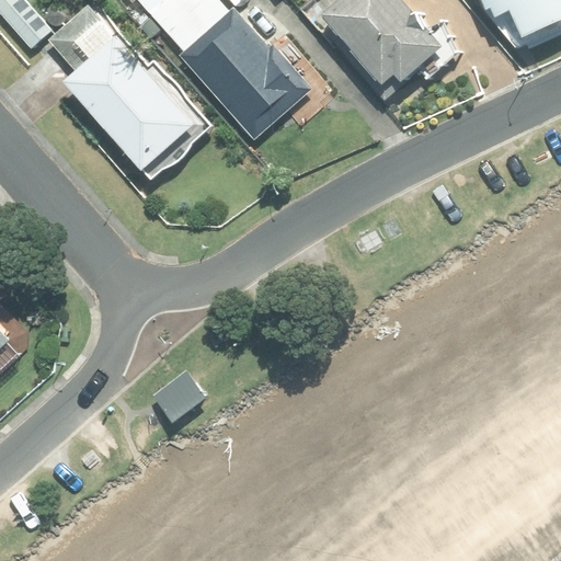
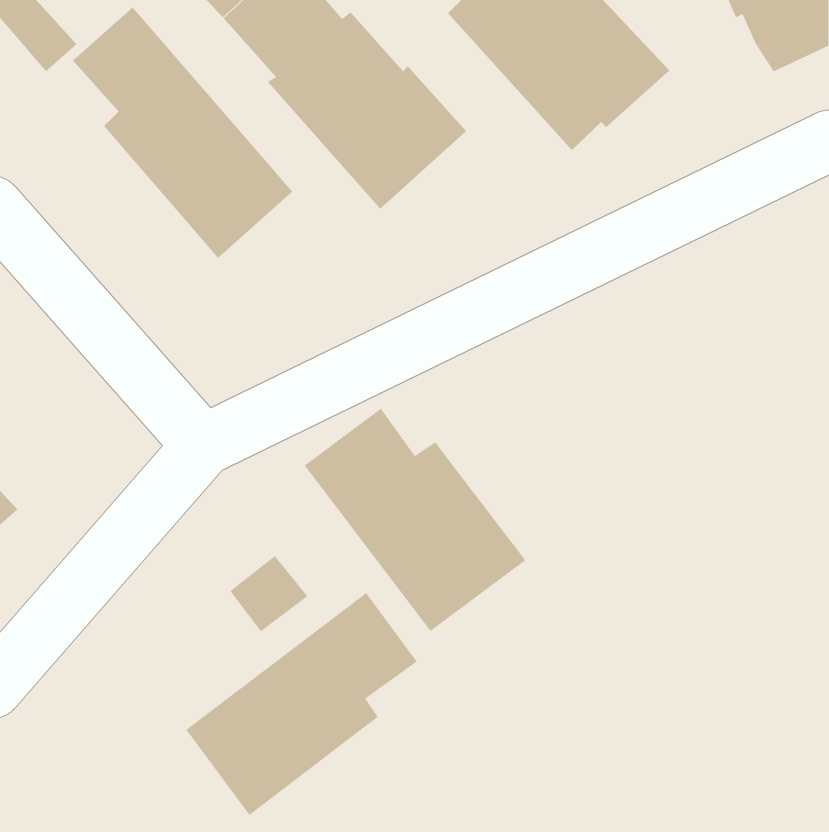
building: none -> [304,408,526,632]
building: none -> [185,592,417,816]

